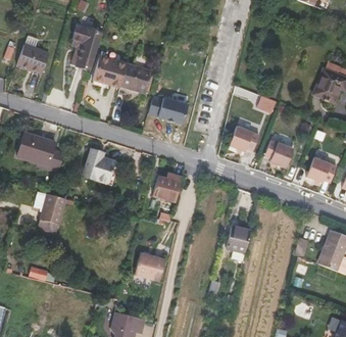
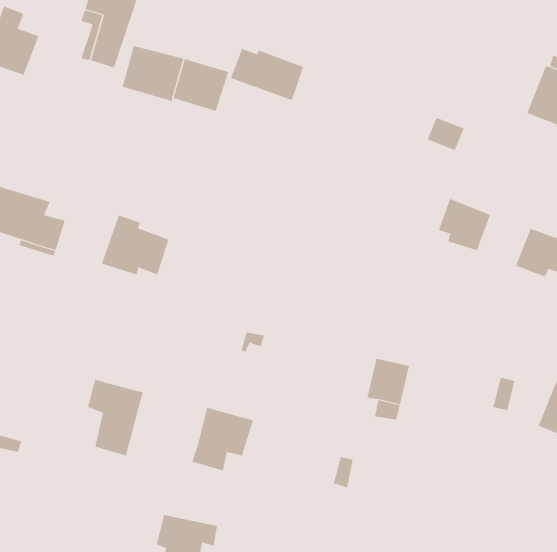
building: [148,95,188,124] -> [230,48,304,101]
building: [229,128,258,153] -> none
building: [153,174,181,202] -> none
building: [34,191,64,233] -> [87,379,144,456]

